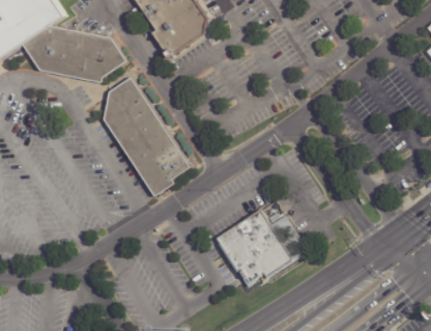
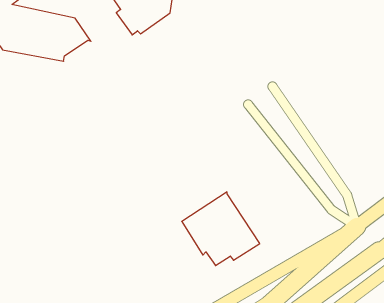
building: [104,77,190,196] -> none

